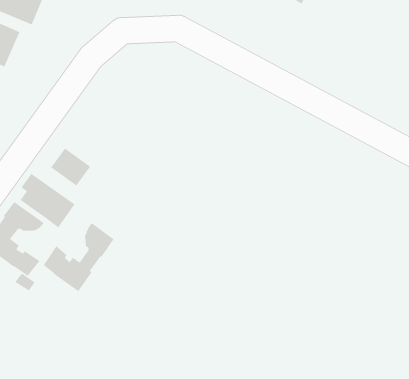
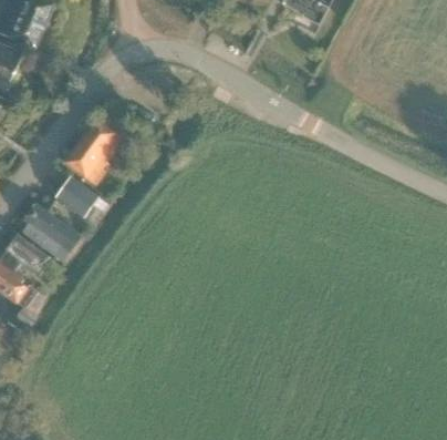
building: none -> [63,116,123,181]
building: [43,223,114,292] -> none

